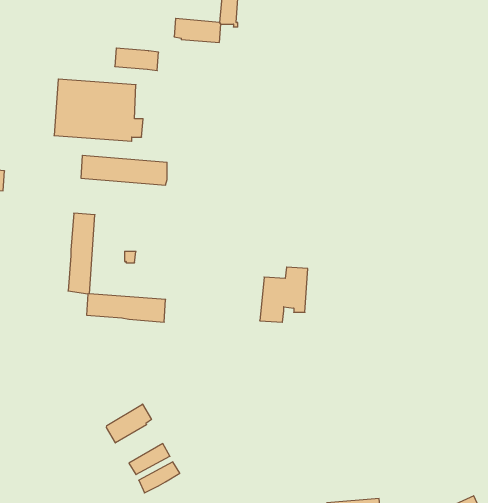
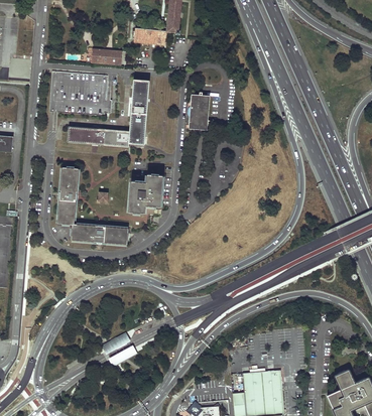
building: none -> [128,80,148,144]
building: none -> [187,94,209,130]
building: [260,267,308,322] -> [127,174,161,214]
building: [106,404,151,443] -> none

